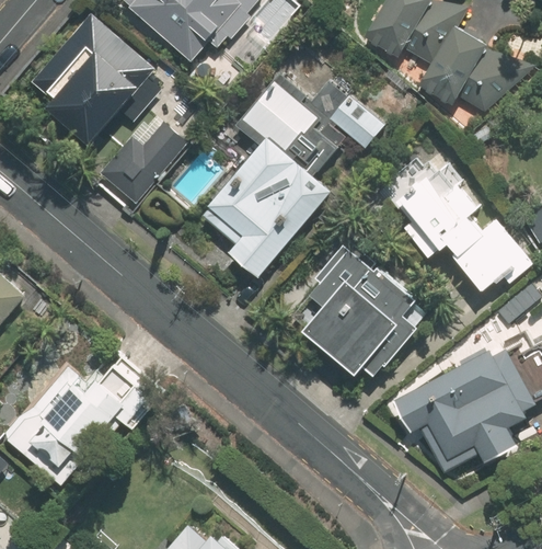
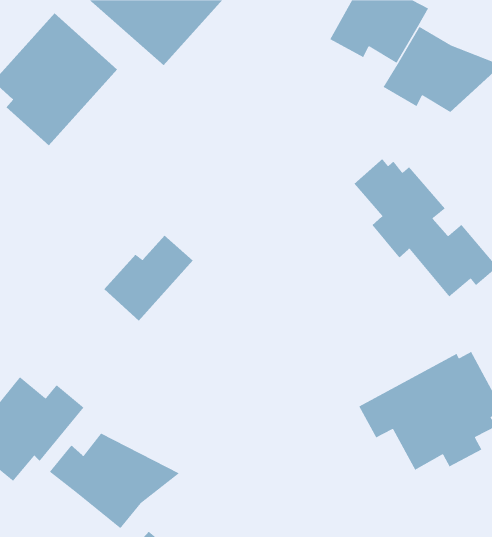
building: [205,71,384,276] -> none
building: [100,117,188,203] -> [103,235,193,322]
building: [302,244,416,377] -> none
building: none -> [49,432,180,529]

